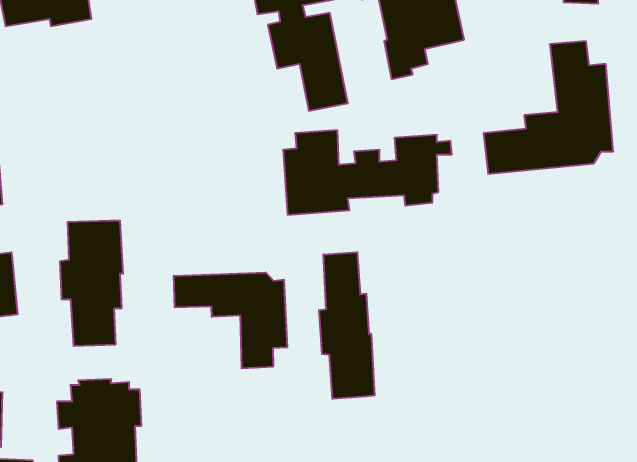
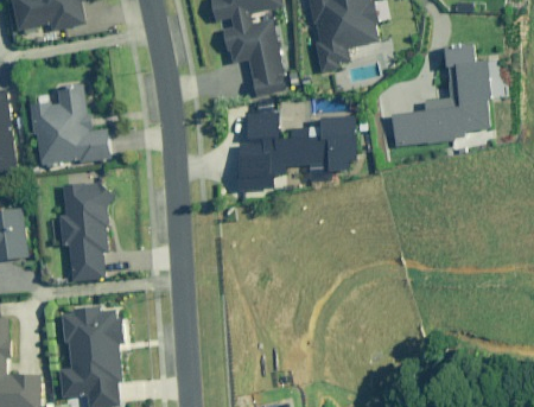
building: none -> [28,85,109,165]
building: [319,252,375,399] -> none
building: [174,272,287,368] -> none

